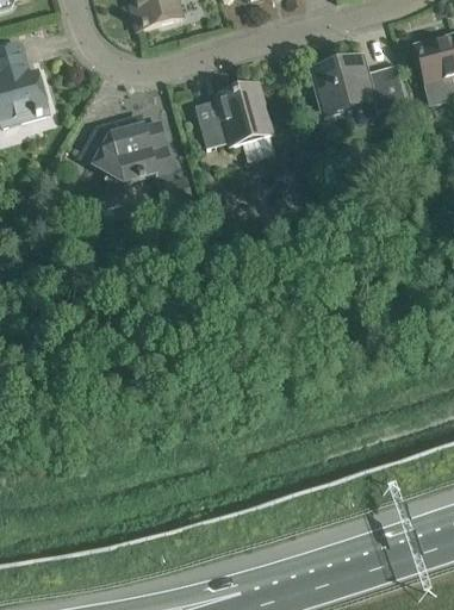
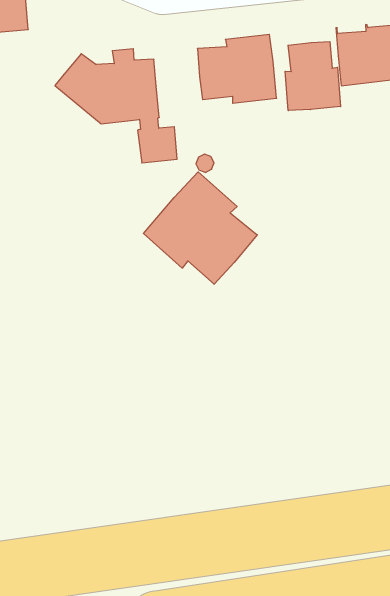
building: none -> [285,42,341,111]
building: none -> [143,172,257,284]

